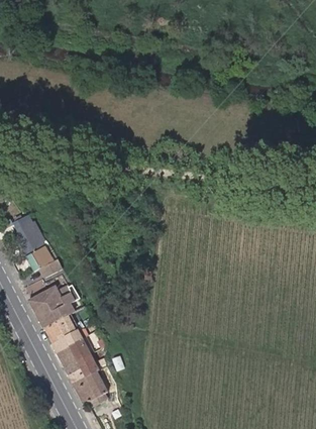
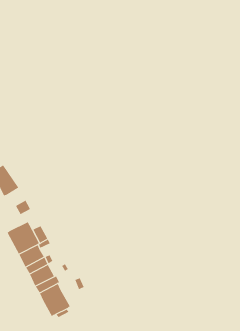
building: [25,241,52,266] -> none

